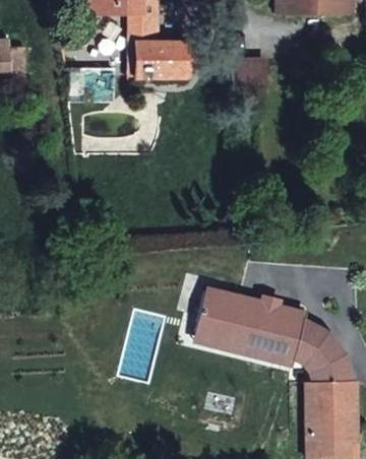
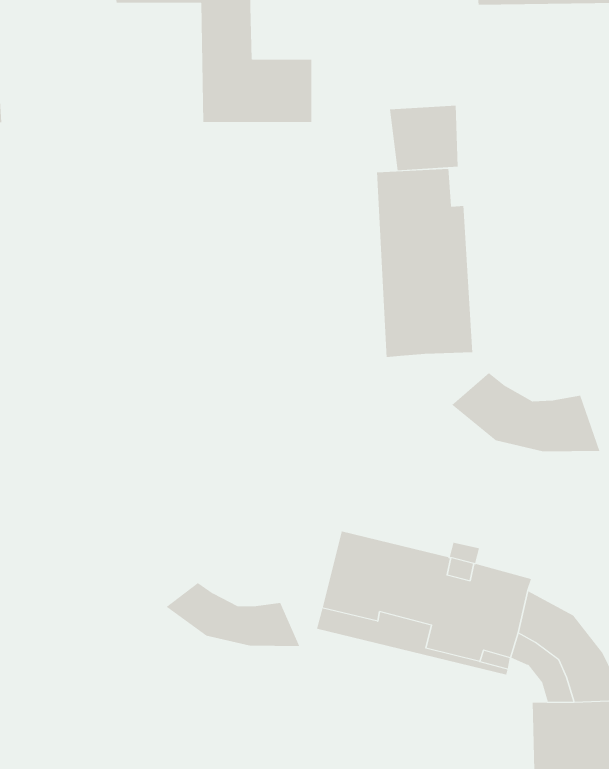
building: none -> [376,168,473,358]
building: none -> [451,372,600,452]
building: none -> [165,582,300,647]

